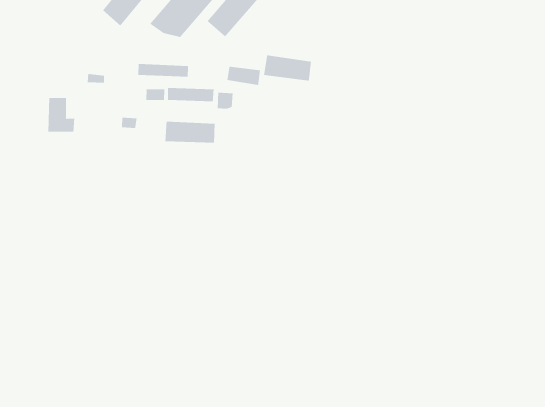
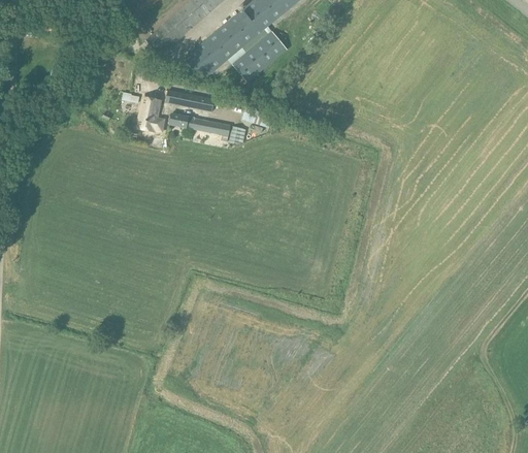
building: [263,55,312,82] -> none
building: [47,97,75,133] -> [139,96,165,130]
building: [164,121,216,143] -> none

